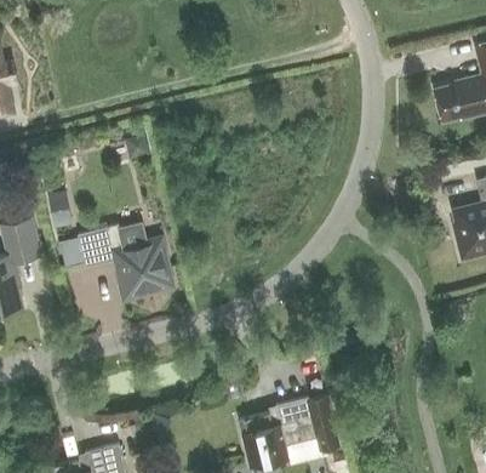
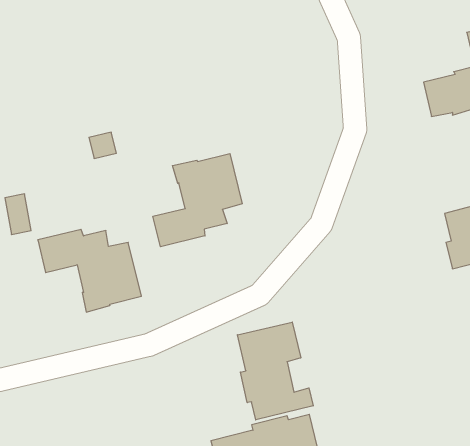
building: none -> [153,154,242,247]
building: none -> [237,322,313,420]

